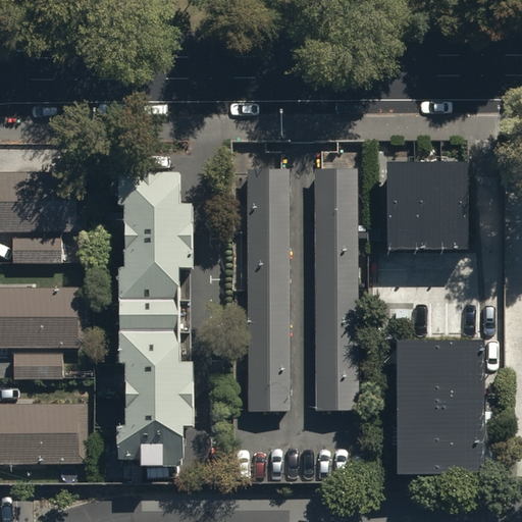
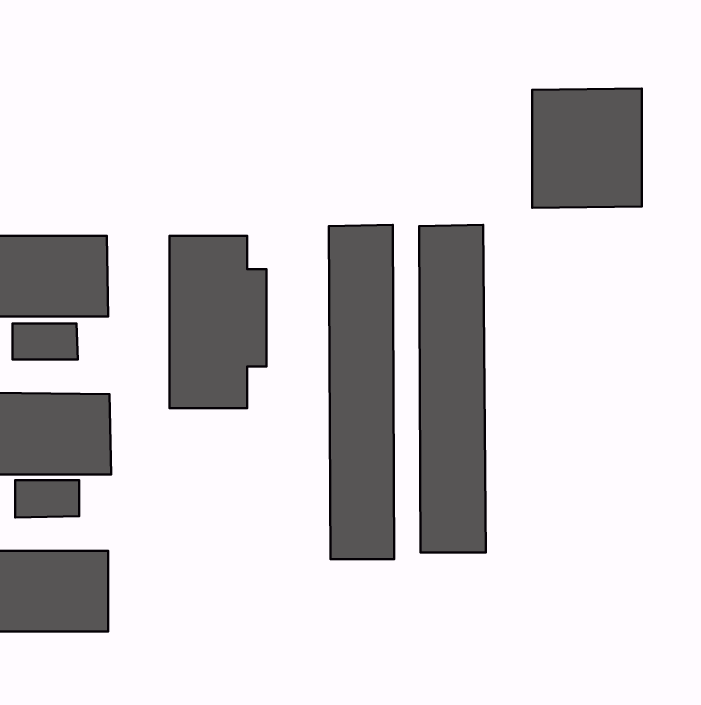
building: [387,159,468,247] -> [532,89,642,208]
building: [124,301,181,329] -> none
building: [124,333,196,460] -> none
building: [398,341,485,473] -> none

